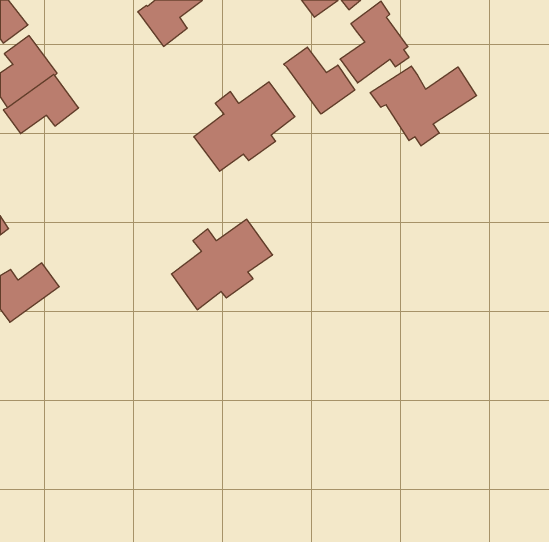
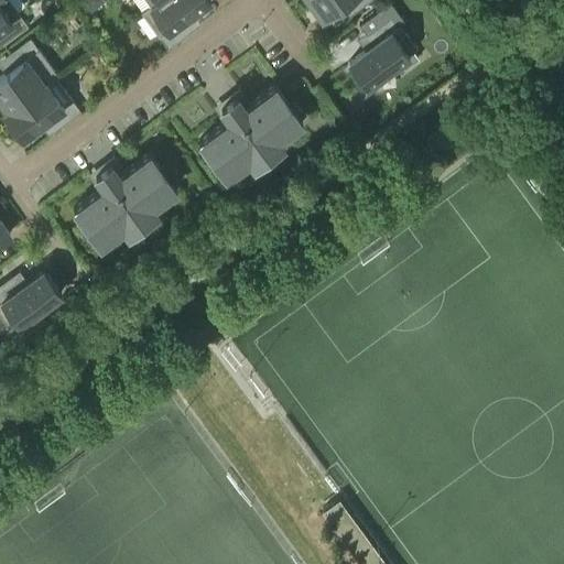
building: [284,47,355,114] -> none
building: [370,66,477,146] -> none
building: [171,219,273,310] -> [74,160,177,252]

